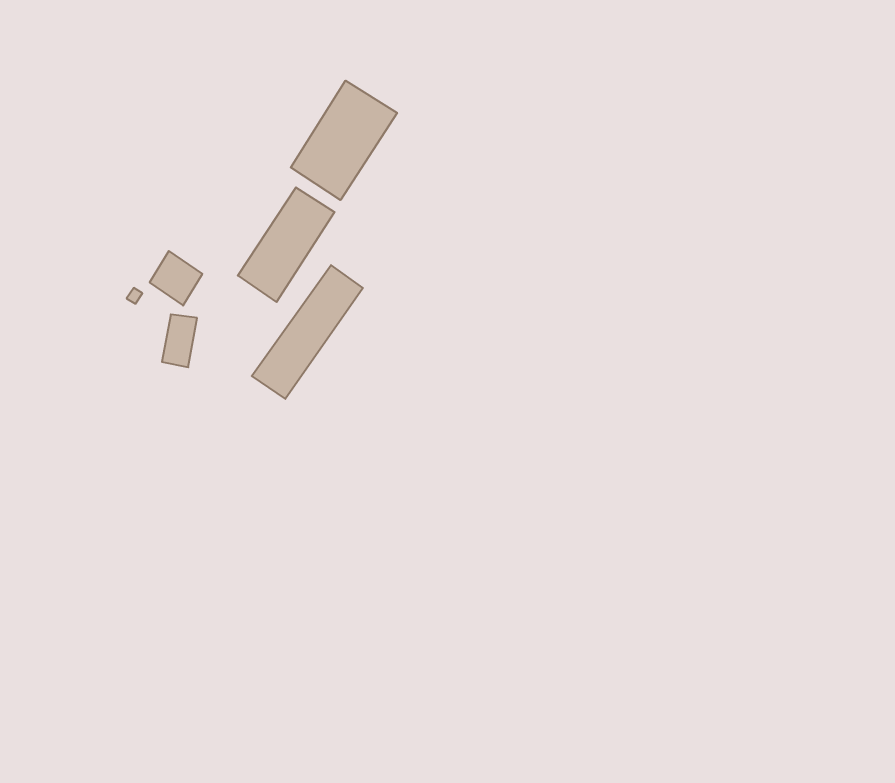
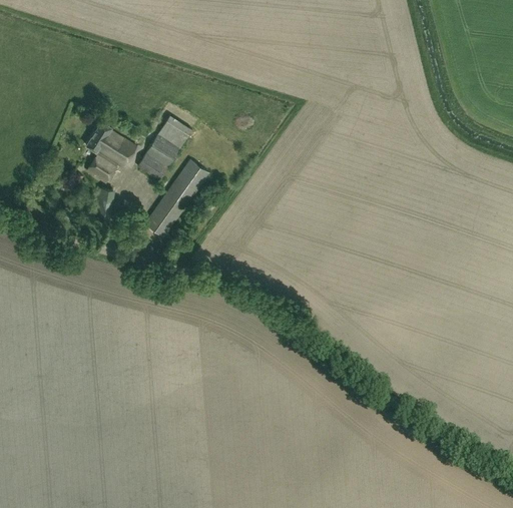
building: [291,81,397,200] -> none
building: none -> [85,120,136,166]

